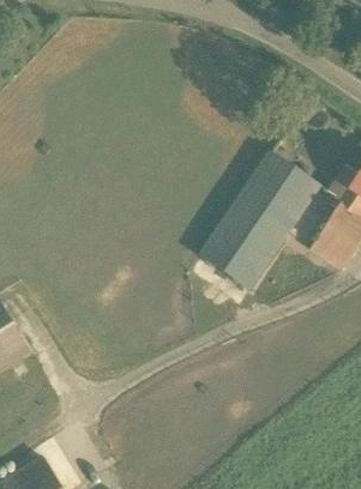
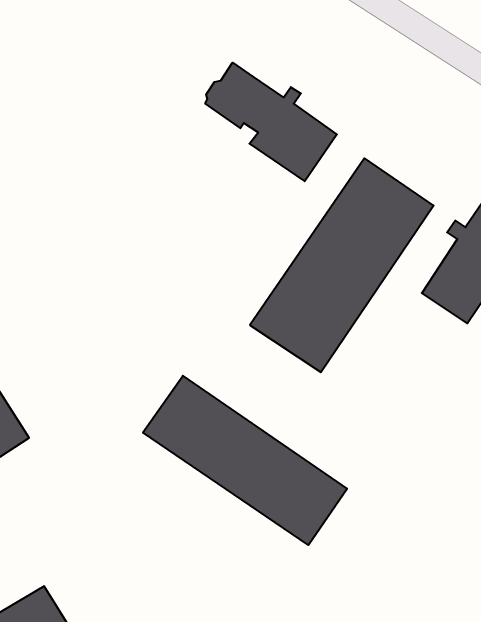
building: none -> [205,63,337,181]
building: none -> [143,376,347,545]

